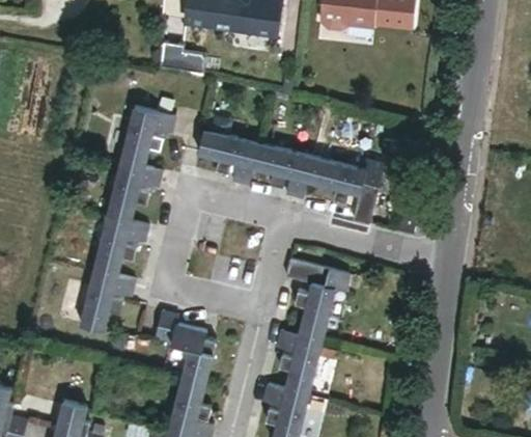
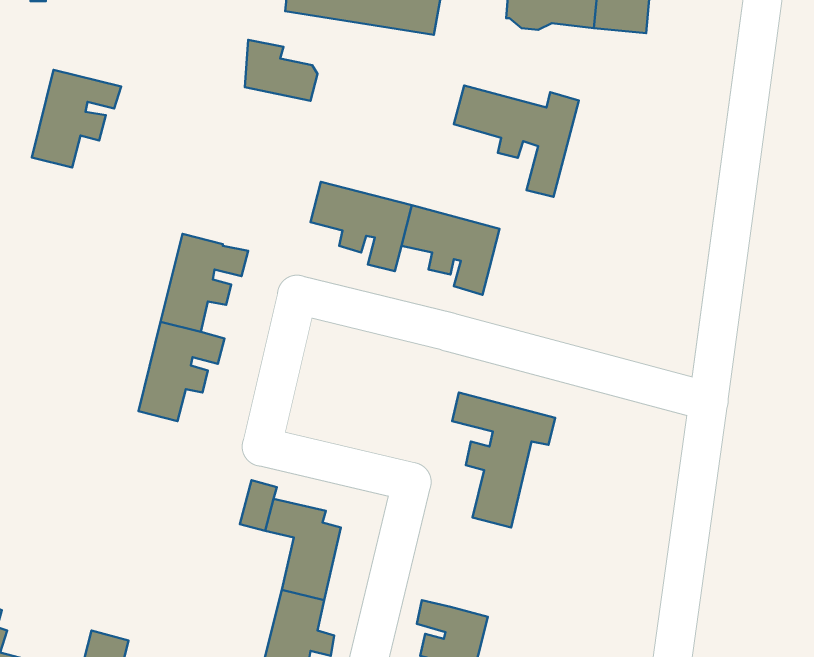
building: [120,105,175,165] -> [32,70,121,168]
building: [309,156,386,224] -> [454,85,579,197]
building: [79,268,133,330] -> none
building: [278,329,323,394] -> none

